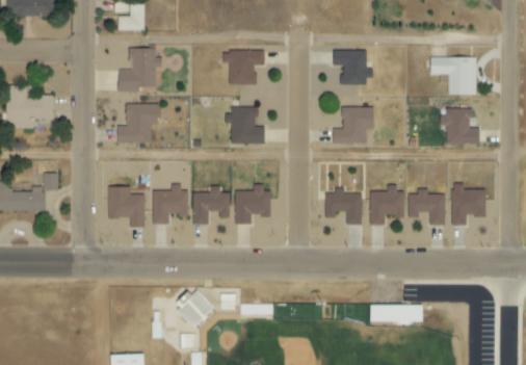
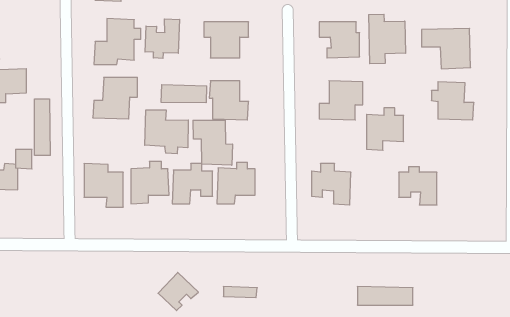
building: none -> [369,14,406,64]
building: none -> [145,19,180,58]
building: none -> [161,85,207,103]
building: none -> [35,99,50,155]
building: none -> [145,110,188,154]
building: none -> [193,120,232,165]
building: [452,184,486,226] -> none
building: [370,185,405,226] -> [367,108,404,150]

